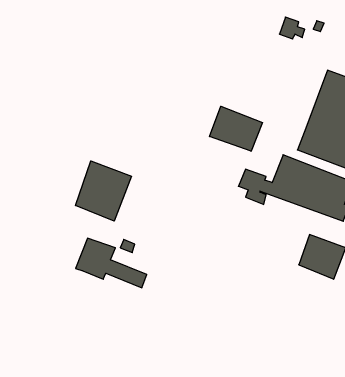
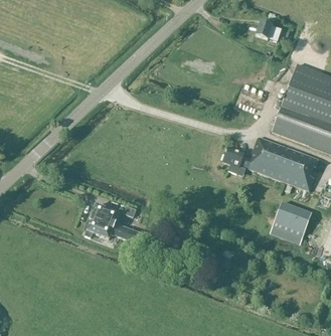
building: [210,106,262,151] -> none
building: [76,161,132,221] -> none

